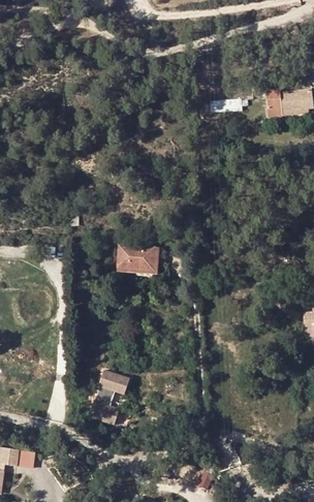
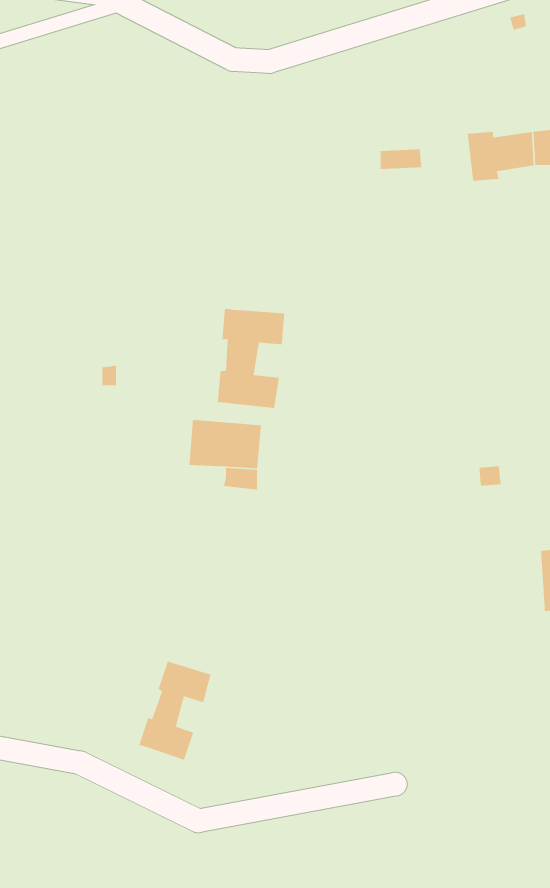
building: none -> [217,308,285,409]

